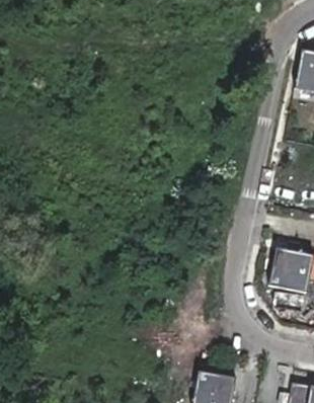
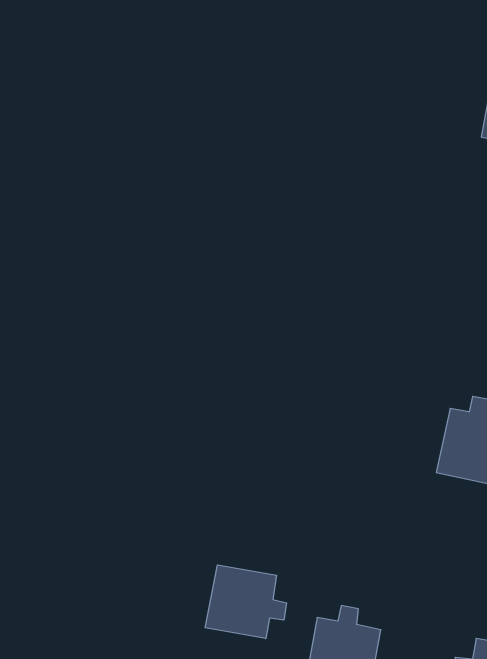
building: none -> [205,565,287,639]

